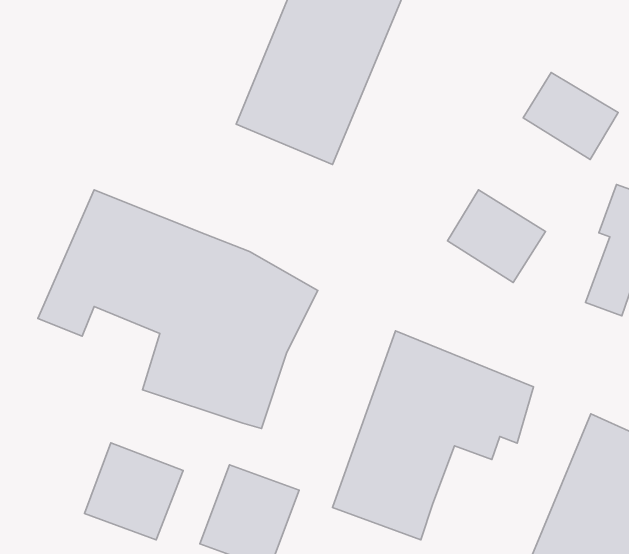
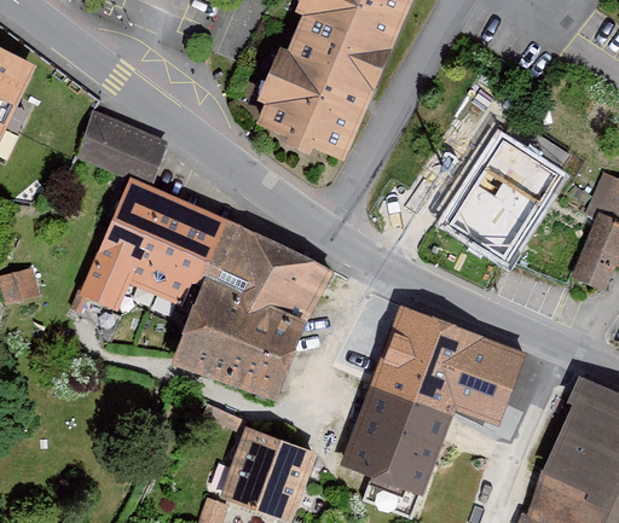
building: [523,72,618,160] -> [476,138,562,216]
building: none -> [77,116,168,187]
building: [85,443,183,540] -> none

